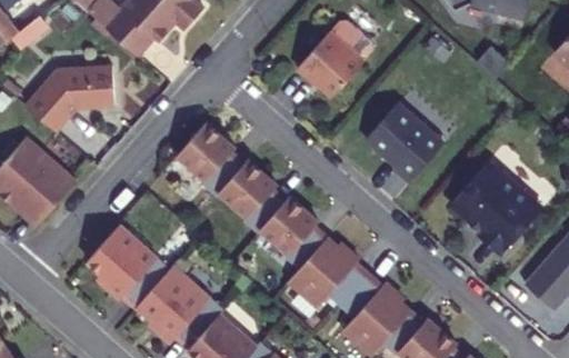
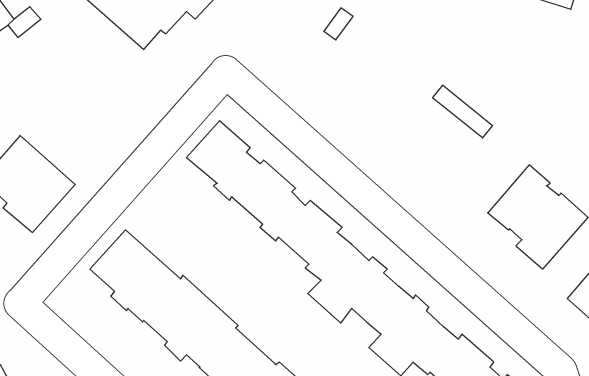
building: [296,23,370,100] -> none
building: [26,72,111,136] -> none
building: [363,106,442,185] -> none

